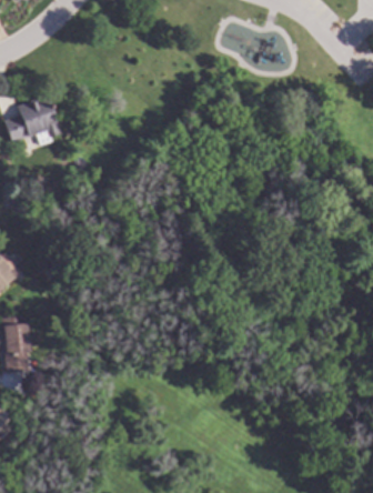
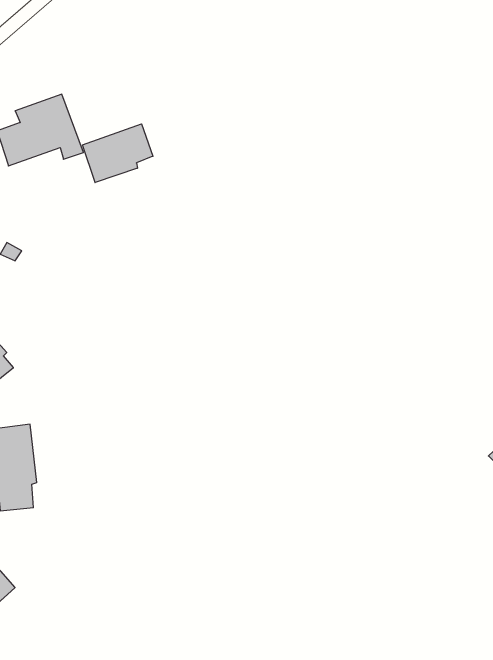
building: none -> [82,124,153,183]

